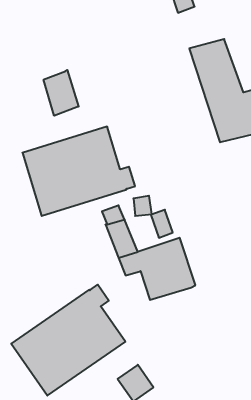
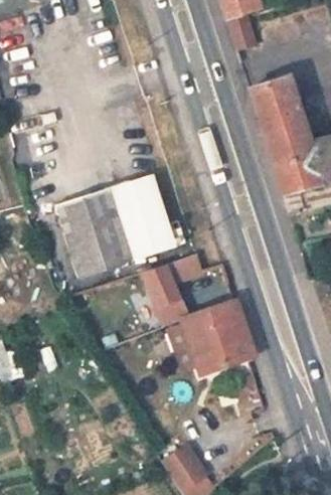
building: [44,70,79,116] -> none
building: [11,285,125,396] -> none

